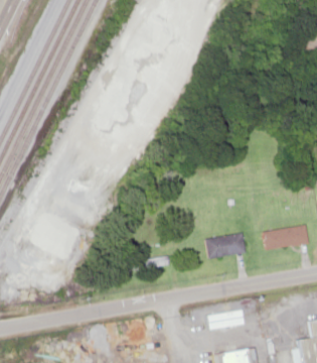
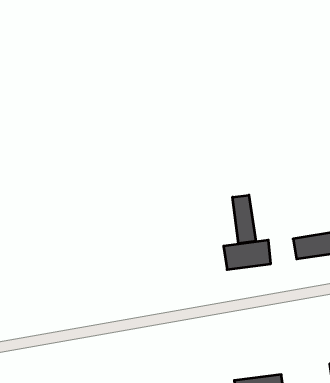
building: none -> [233,195,256,244]

